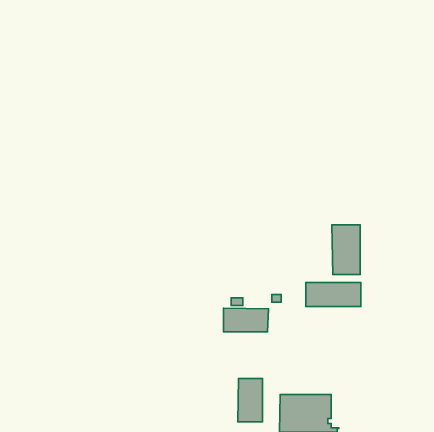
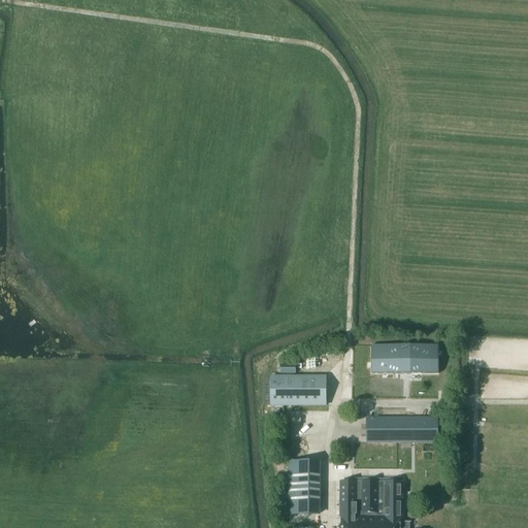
building: [332,225,360,275] -> none
building: none -> [366,416,437,441]

